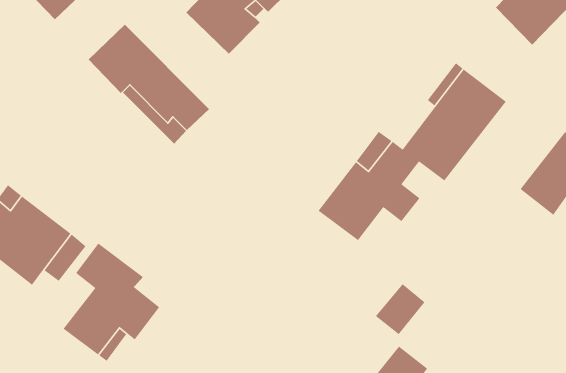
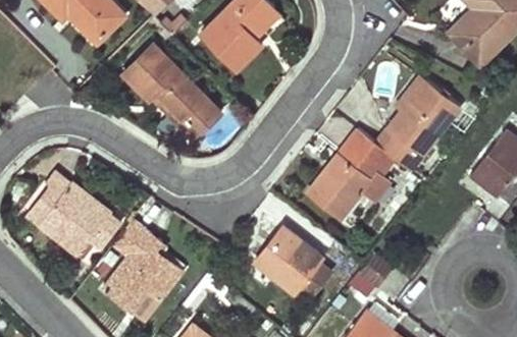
building: none -> [255,227,329,298]

